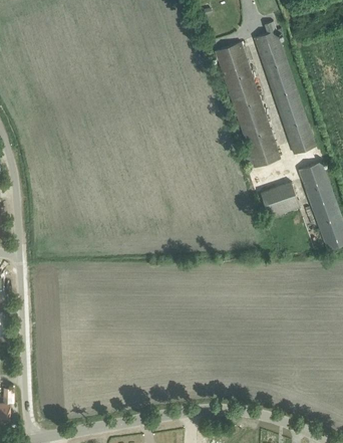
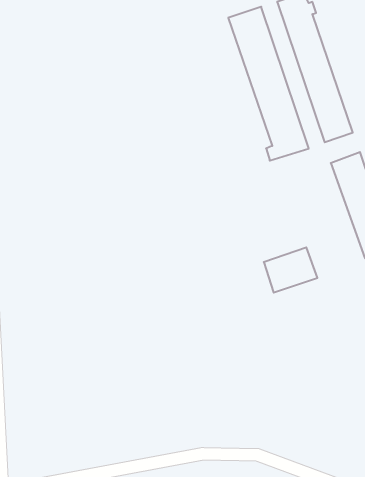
building: [256,181,300,218] -> [264,247,317,293]

